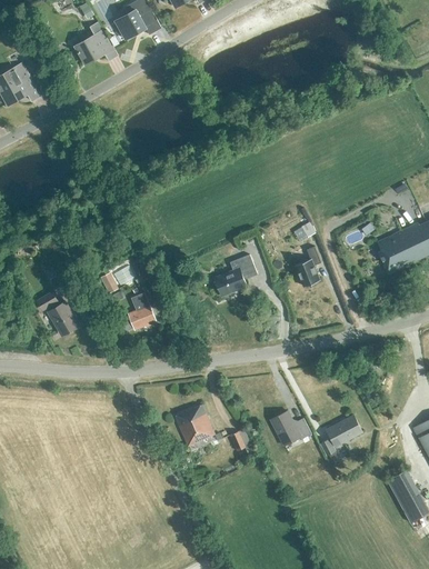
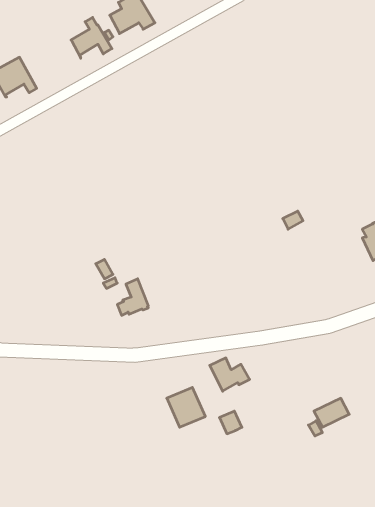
building: [296,246,321,286] -> none
building: [214,253,258,296] -> none
building: [38,291,81,333] -> none
building: [271,411,312,446] -> [210,358,250,391]

